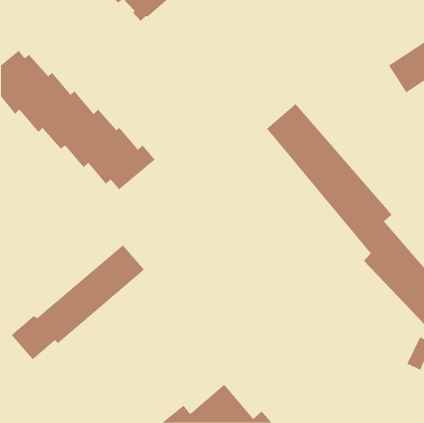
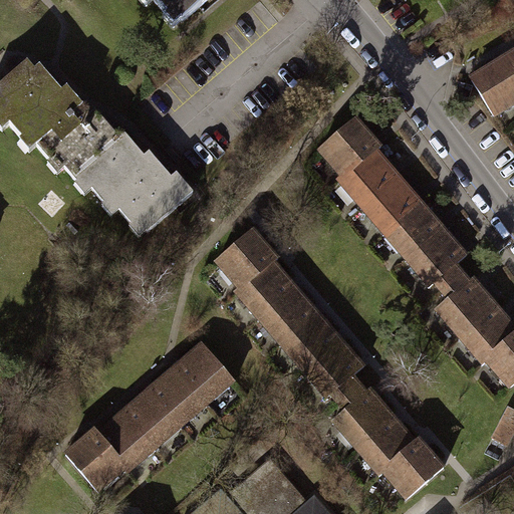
building: none -> [217,232,439,495]
building: [11,245,145,360] -> [65,347,227,487]

